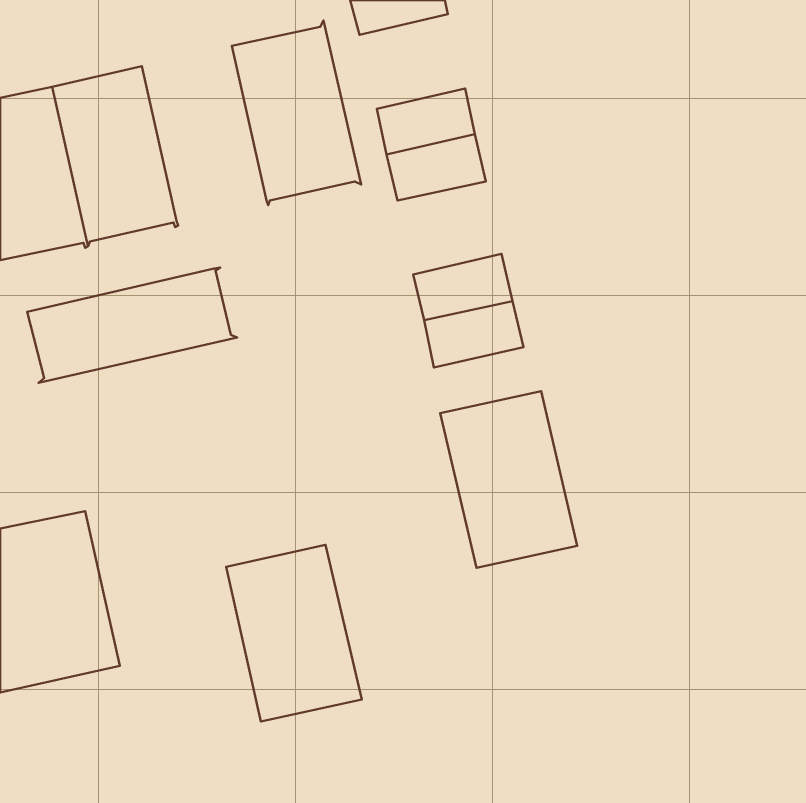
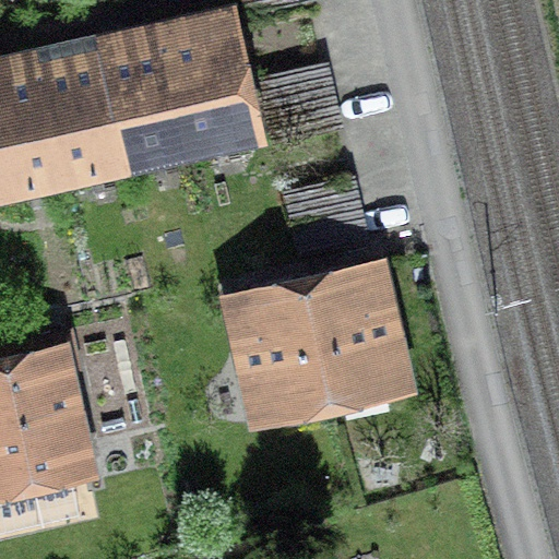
building: none -> [98,34,186,158]
building: [27,267,237,383] -> none
building: [226,545,362,721] -> [236,288,330,411]

